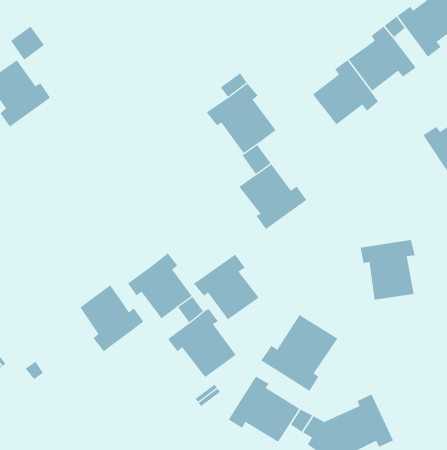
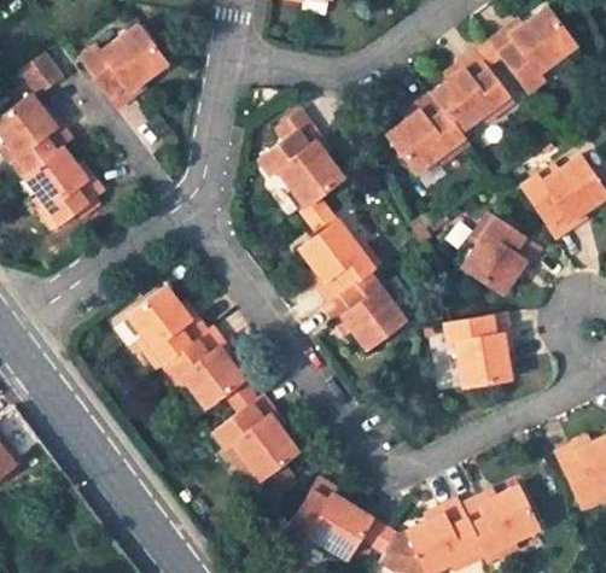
building: none -> [80,29,167,110]
building: none -> [22,147,101,228]
building: none -> [464,215,542,296]
building: [193,254,259,320] -> [325,268,406,349]
building: [80,285,144,352] -> [128,288,206,370]
building: [261,314,338,392] -> none
building: none -> [462,485,542,561]

